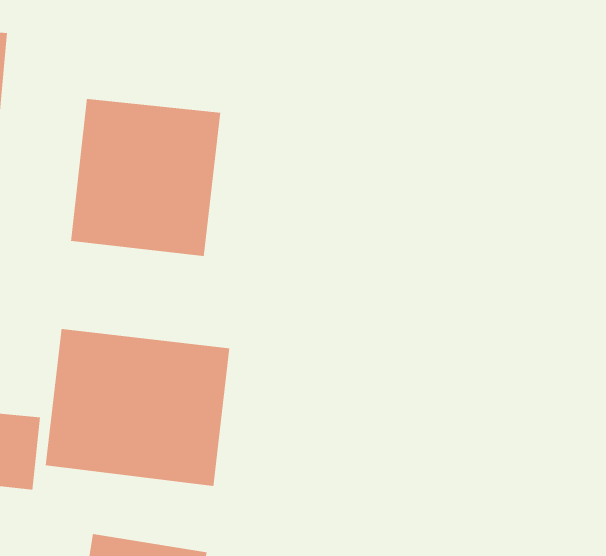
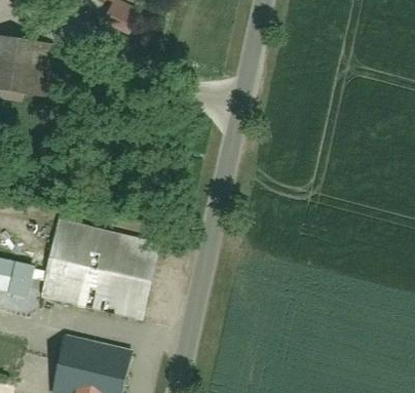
building: [70,98,221,257] -> none

